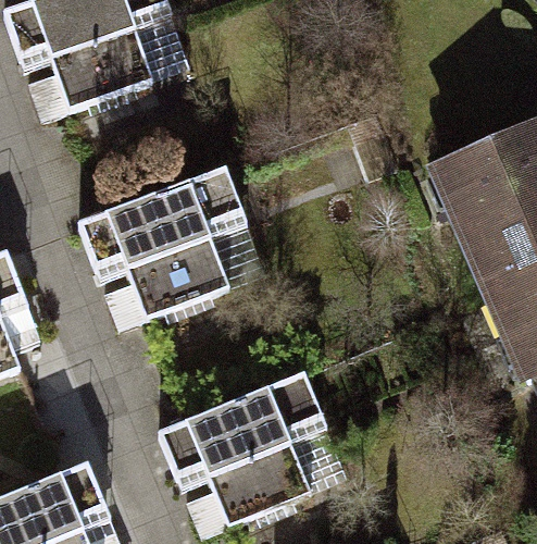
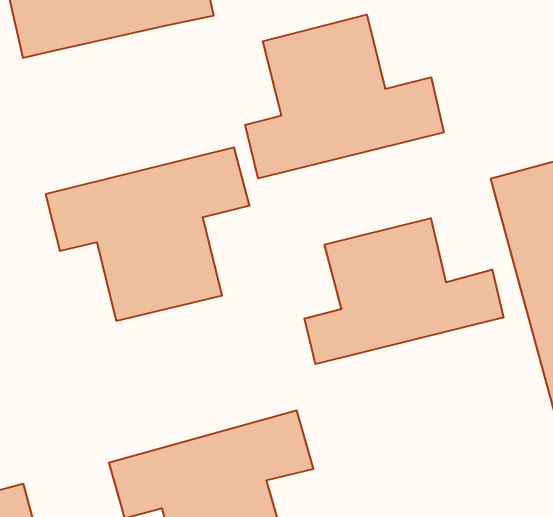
building: none -> [245,15,444,178]
building: none -> [304,218,503,364]

